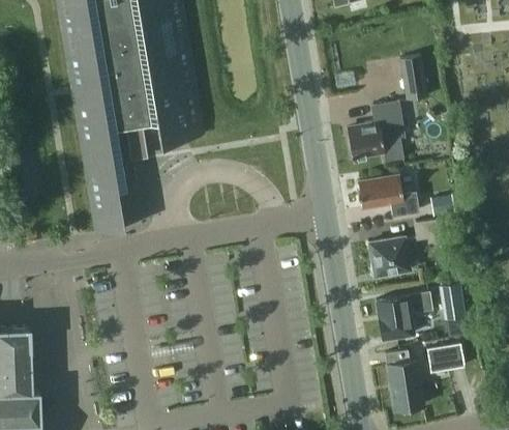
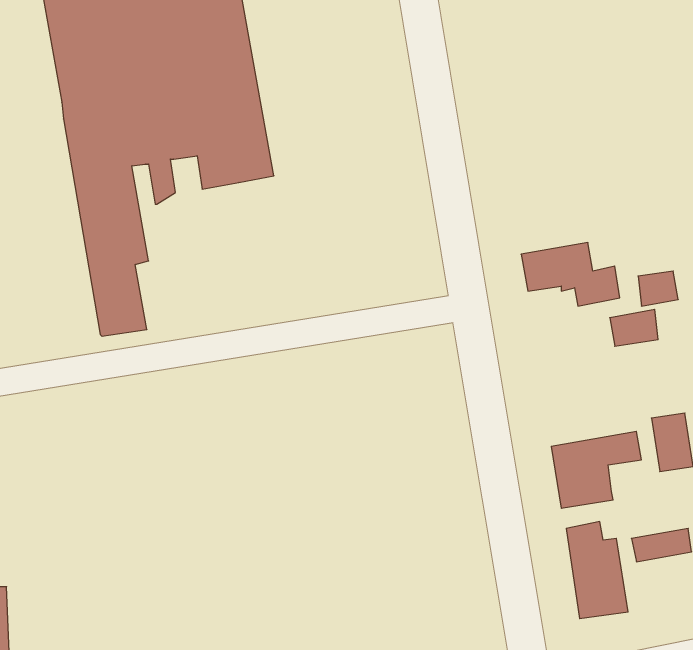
building: [398,54,426,98] -> none
building: [346,97,403,160] -> none
building: [368,237,416,277] -> none

